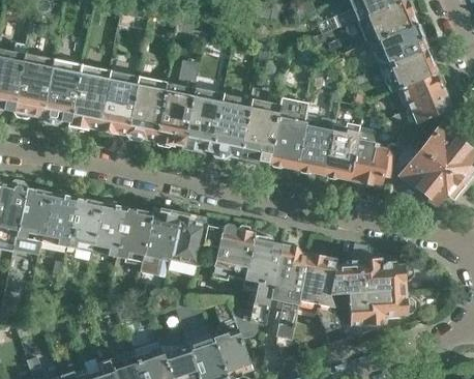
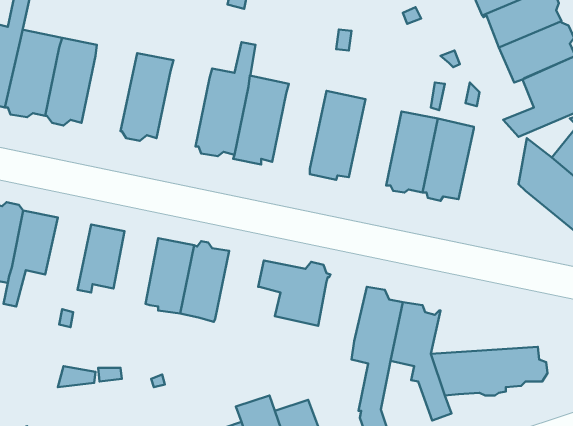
building: [68,64,110,130] -> none
building: [124,76,166,141] -> none
building: [210,93,250,158] -> none
building: [267,105,307,169] -> none
building: [349,124,396,184] -> none
building: [41,189,76,246] -> none
building: [92,200,125,257] -> none
building: [168,215,204,272] -> none
building: [242,235,280,324] -> none
building: [328,258,412,294] -> none

